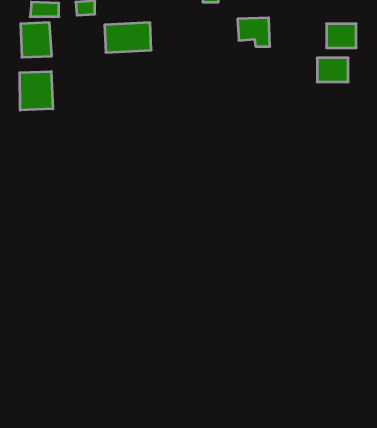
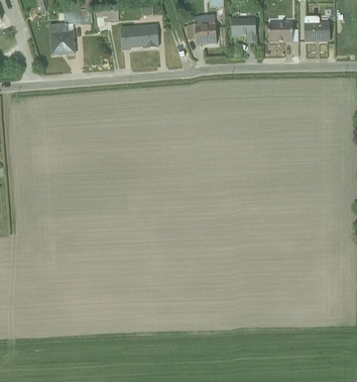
building: none -> [195,21,219,45]
building: [317,58,348,82] -> [268,22,294,42]
building: [20,71,53,110] -> none

